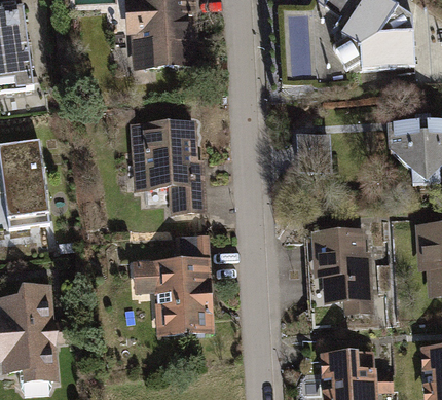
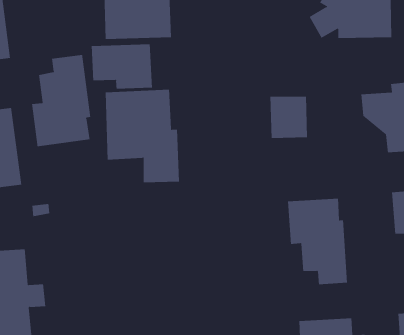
building: none -> [91,43,152,89]
building: none -> [31,54,91,147]
building: [131,233,214,334] -> none

